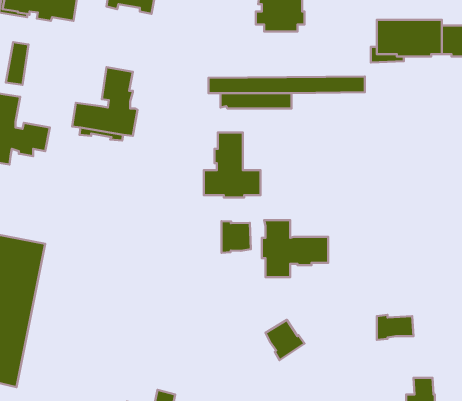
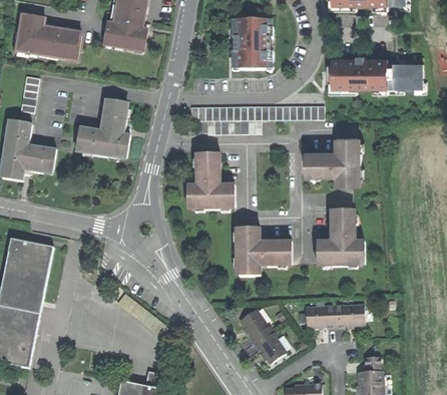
building: none -> [306,135,361,183]
building: none -> [316,209,364,265]
building: [221,221,251,253] -> none
building: none -> [305,308,333,328]
building: none -> [251,331,285,366]

